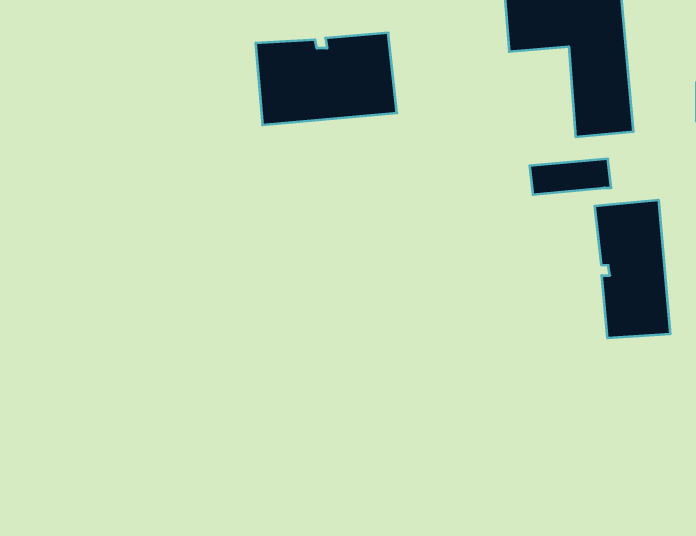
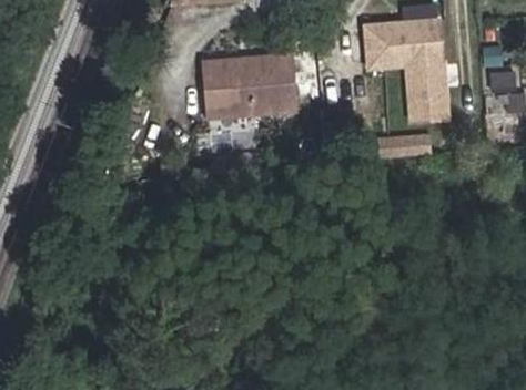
building: [595,200,670,338] -> none

